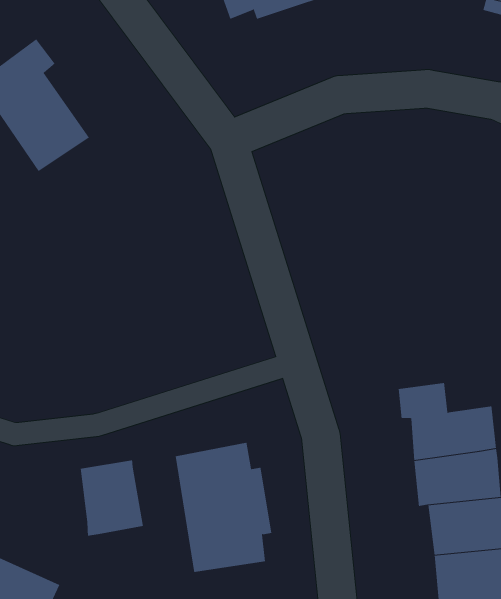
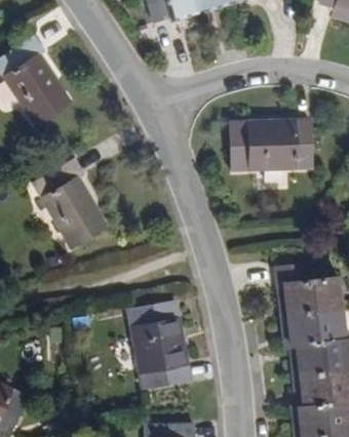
building: none -> [227,116,309,173]
building: none -> [36,159,108,252]
building: [80,459,143,536] -> none

